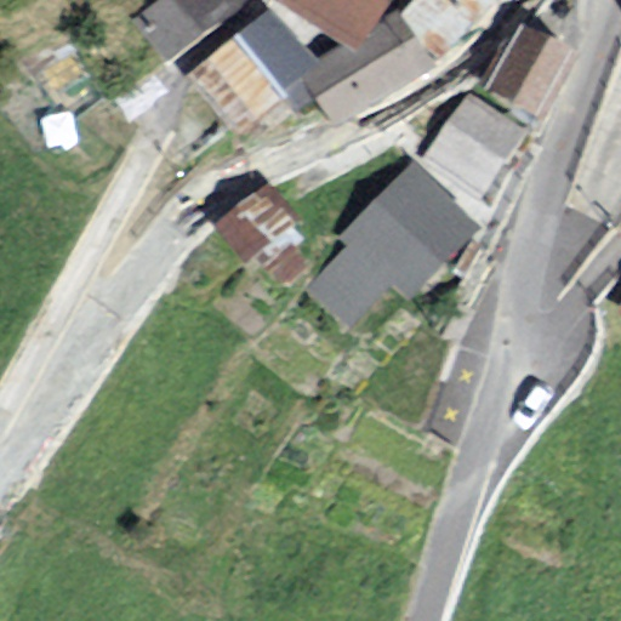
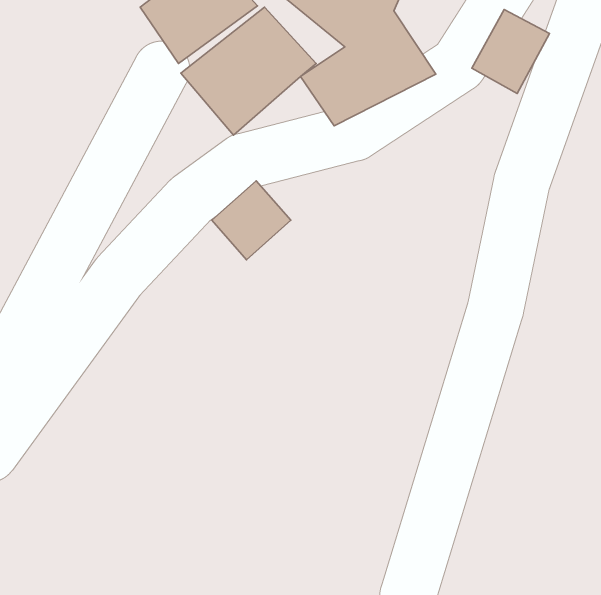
building: [421,89,528,194] -> none
building: [330,164,480,306] -> none

